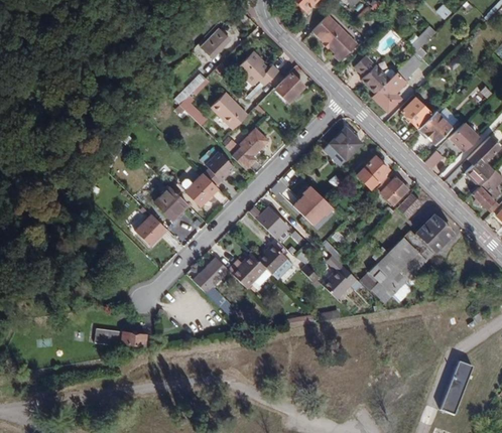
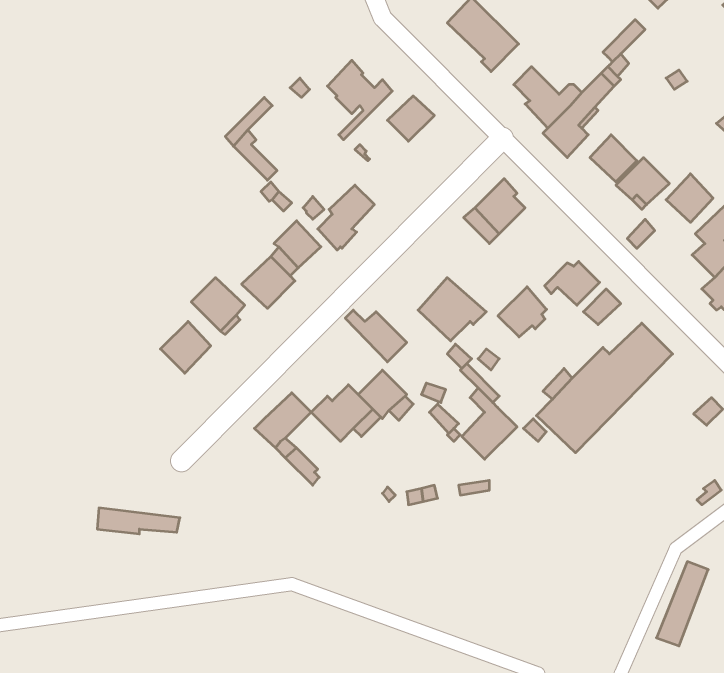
building: [202,29,229,57] -> none
building: [211,93,247,129] -> none
building: [357,156,387,187] -> [498,287,547,337]

